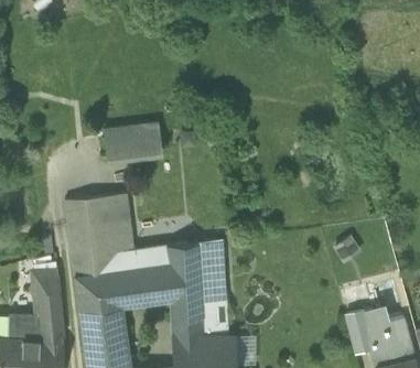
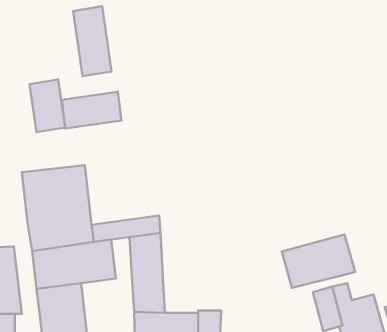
building: none -> [73,6,112,76]
building: none -> [30,80,65,132]
building: [197,239,228,336] -> none
building: none -> [282,235,355,288]
building: [151,263,171,303] -> none

